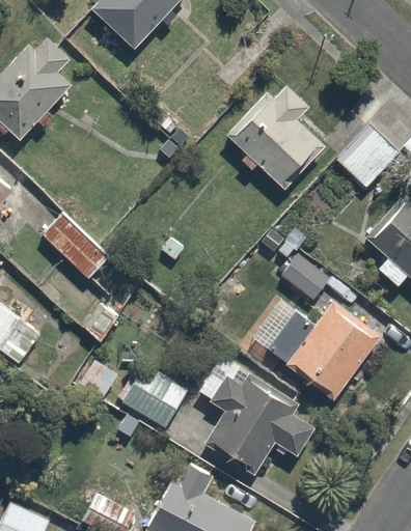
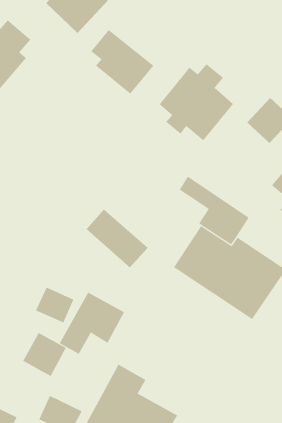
building: none -> [90,29,154,94]
building: [40,213,117,285] -> [86,209,149,268]
building: [200,360,317,476] -> none
building: none -> [23,332,67,377]

